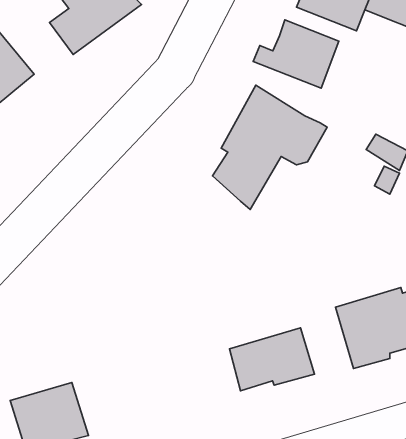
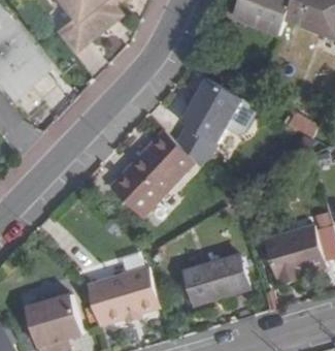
building: [253,20,339,88] -> none
building: none -> [109,129,194,215]
building: none -> [87,266,161,325]

